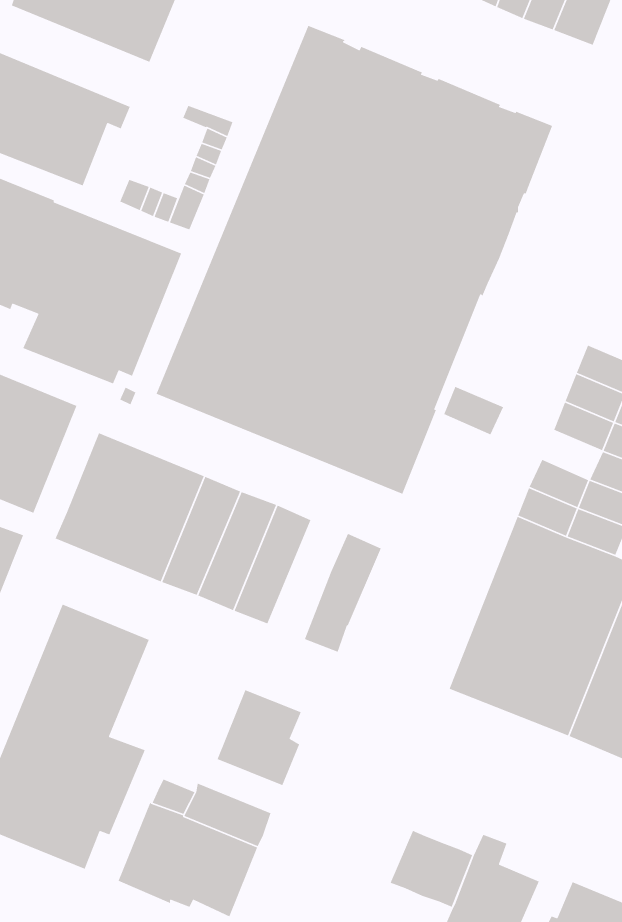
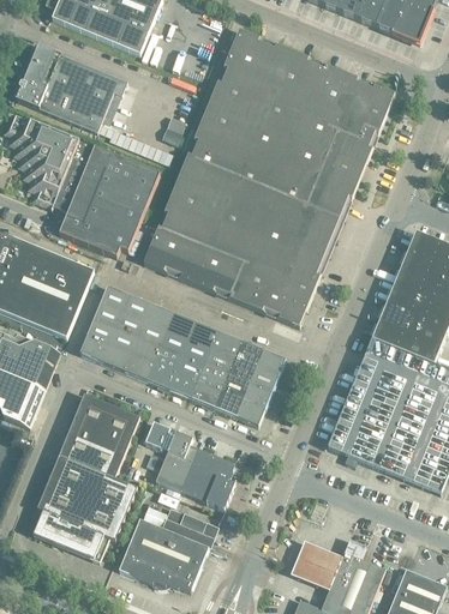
building: [443,386,504,435] -> [387,285,425,317]
building: none -> [214,342,264,417]
building: none -> [144,422,199,493]

